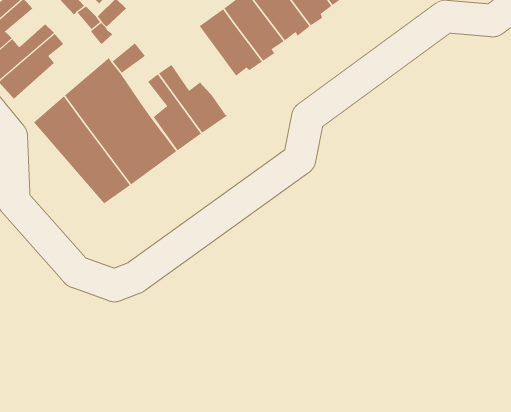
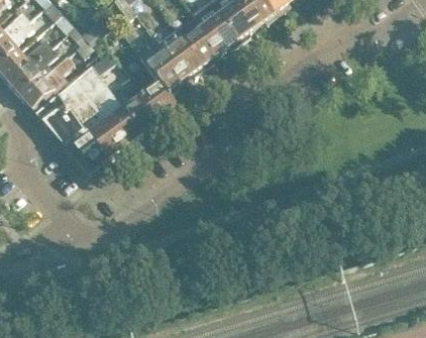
building: none -> [138,33,185,92]
building: none -> [20,52,75,108]

